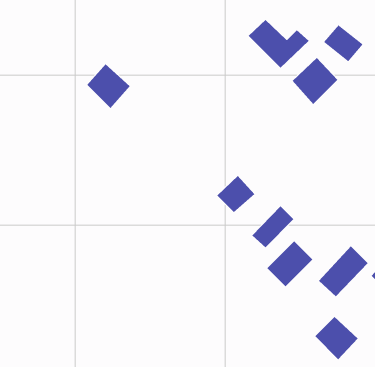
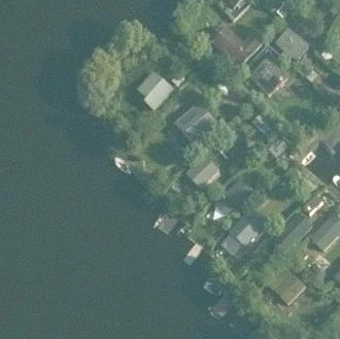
building: [87,63,131,109] -> [135,72,171,109]
building: none -> [175,101,216,141]

